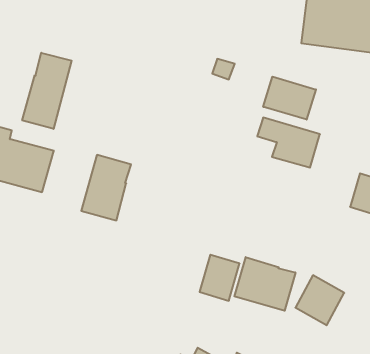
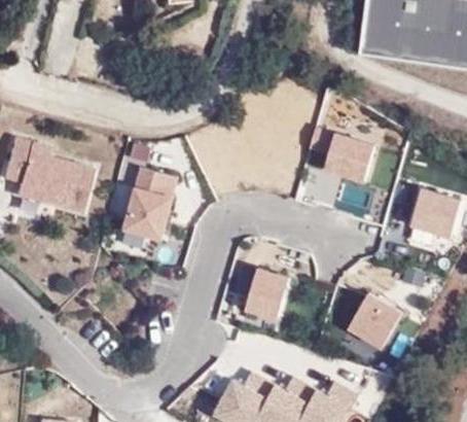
building: [22,53,72,129] -> none
building: [263,77,316,120] -> none
building: [234,257,295,311] -> none

